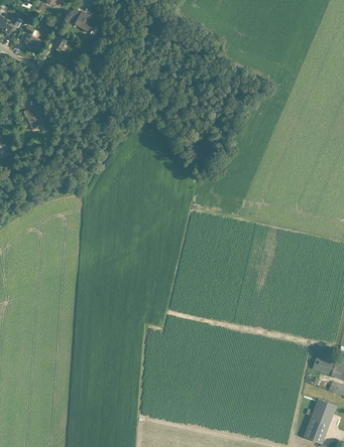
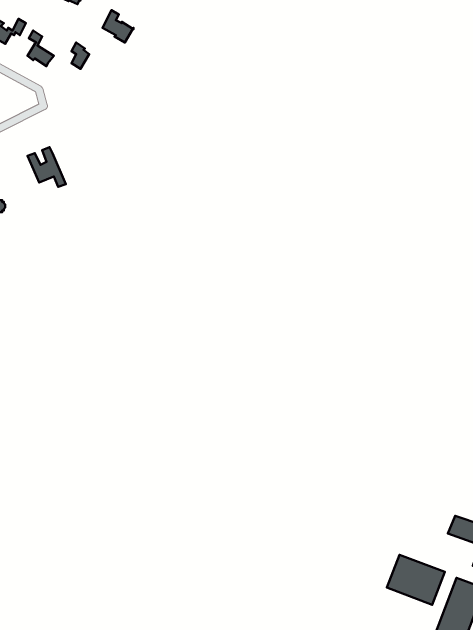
building: none -> [387,555,445,605]

